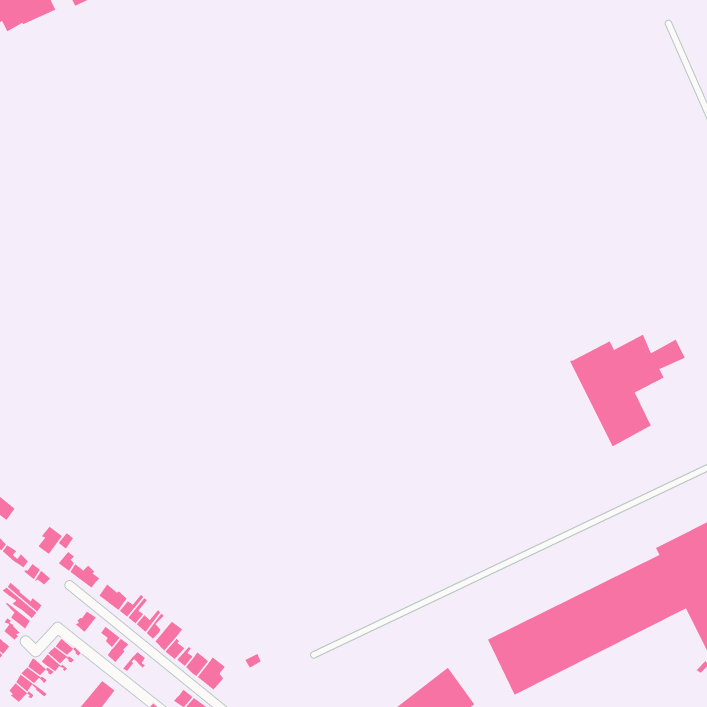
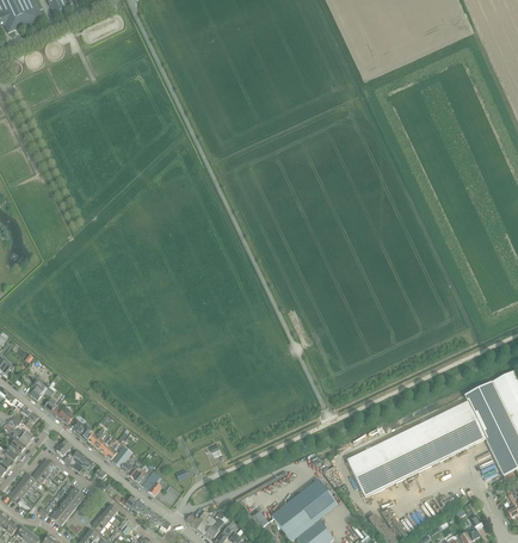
building: [569,334,686,447] -> none

